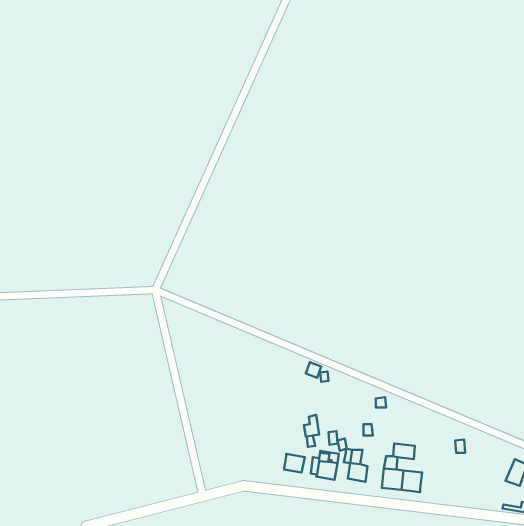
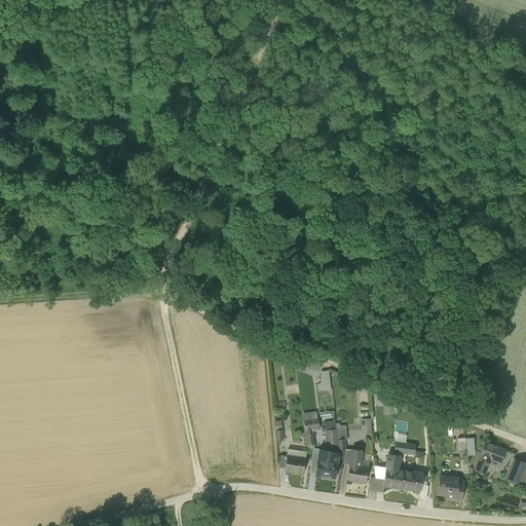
building: none -> [476,442,508,475]
building: none -> [439,476,465,499]

